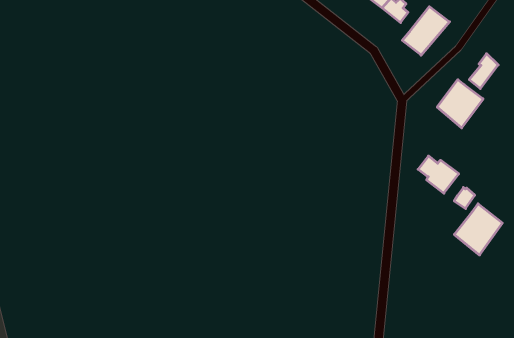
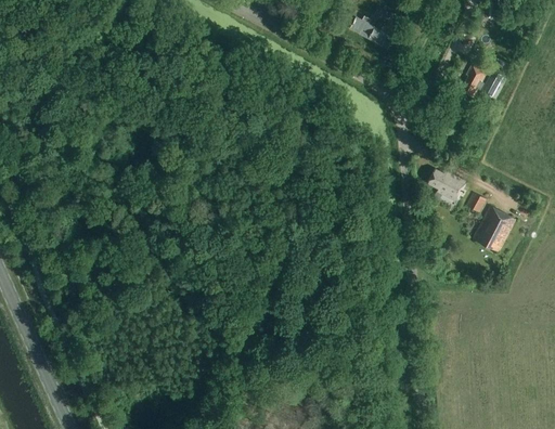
building: [402,7,450,55] -> none
building: [437,80,483,128] -> none

